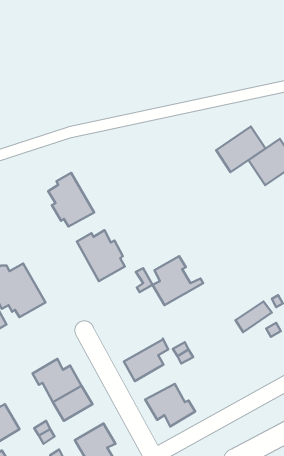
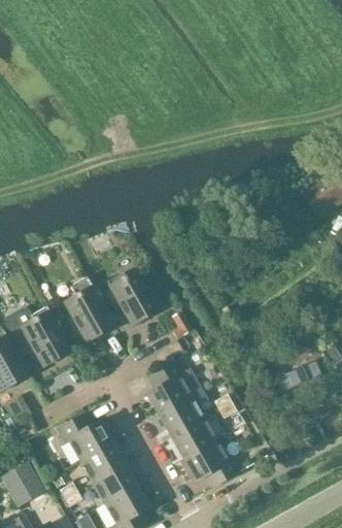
building: [216,126,265,172] -> none
building: [48,173,94,226] -> [64,283,115,342]
building: [153,256,203,305] -> [146,362,203,417]
building: none -> [171,420,216,459]
building: none -> [93,464,137,504]

